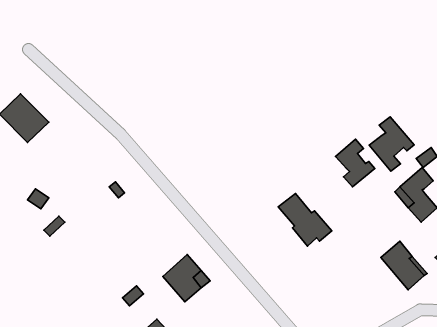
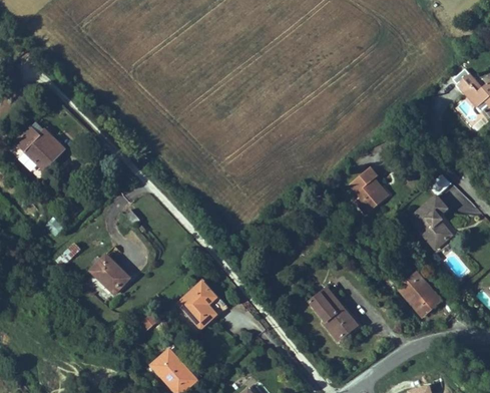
building: [369,117,414,171] -> none
building: [278,194,332,246] -> [310,289,363,341]
building: none -> [91,256,129,294]

